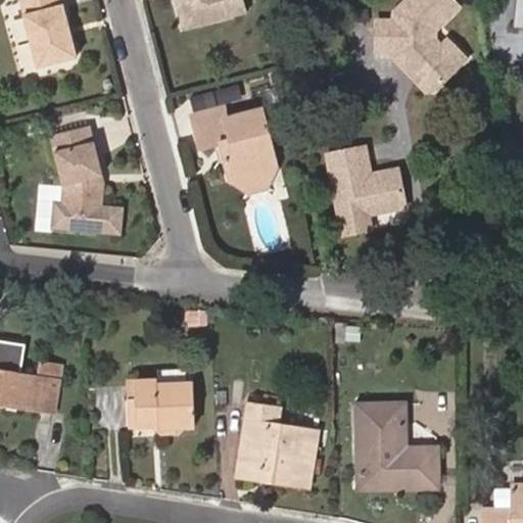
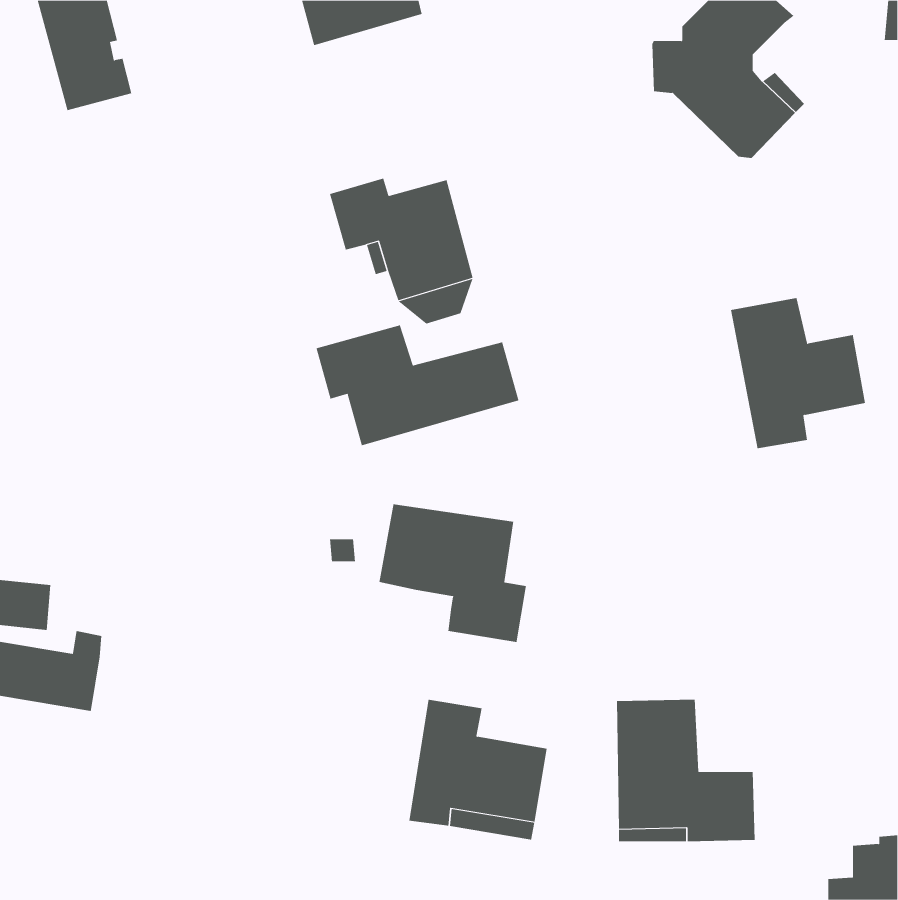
building: [46,122,122,229] -> none
building: [329,149,408,237] -> [730,297,866,449]
building: none -> [316,324,519,446]
building: none -> [379,503,527,643]
building: [126,380,193,428] -> none

